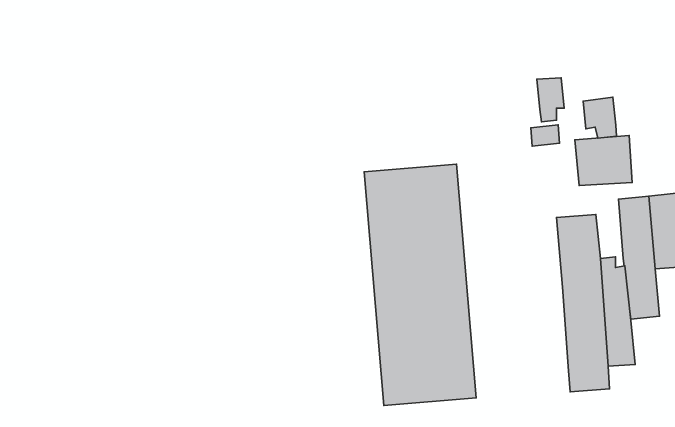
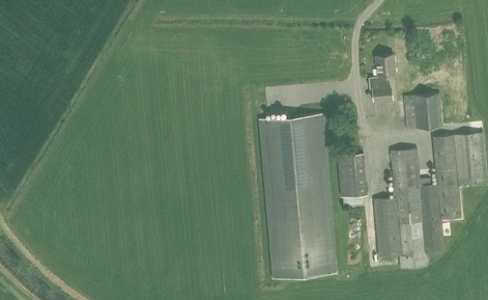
building: [583,97,616,138] -> none
building: none -> [338,153,367,197]
building: none -> [374,198,399,257]

